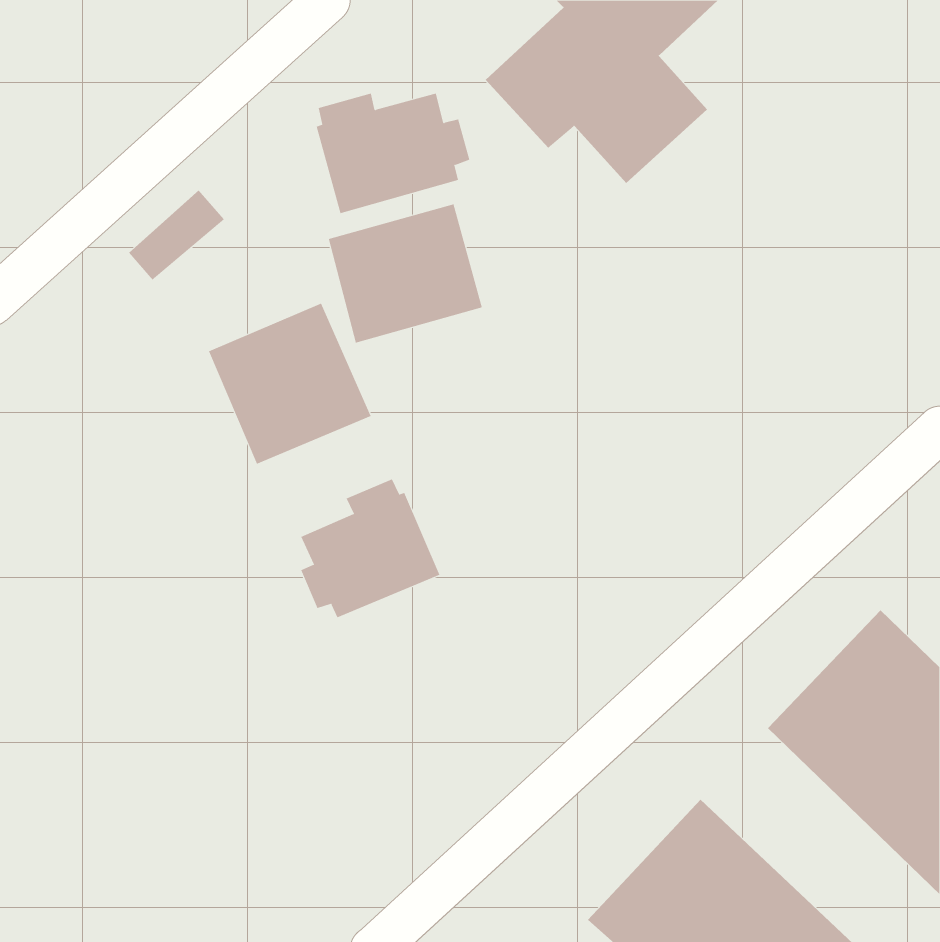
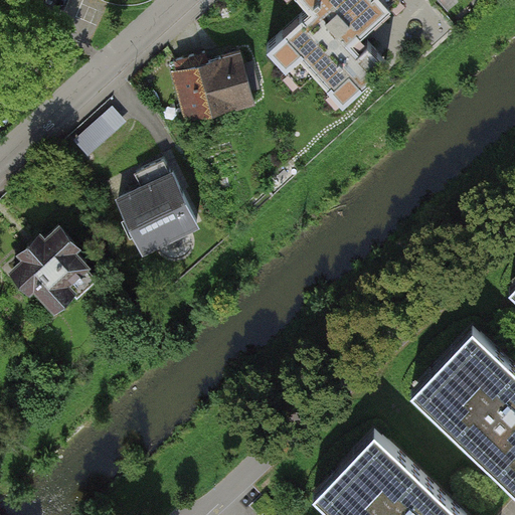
building: [328,204,483,344] -> none
building: none -> [7,224,99,317]
building: [301,478,440,618] -> none

